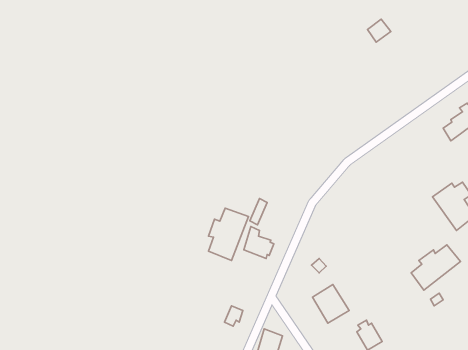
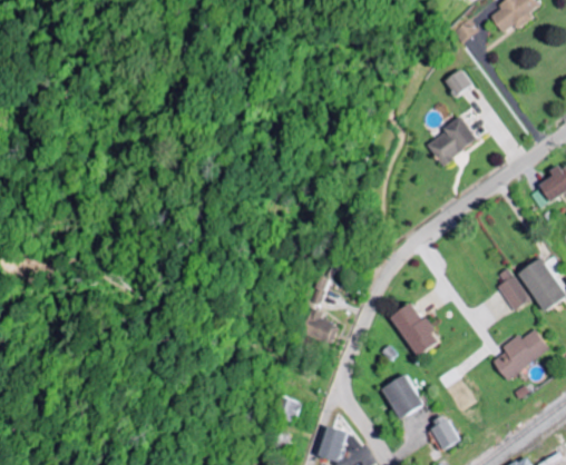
building: none -> [425,116,475,166]
building: none -> [496,268,530,310]
building: [209,208,249,260] -> none
building: none -> [388,303,437,355]

